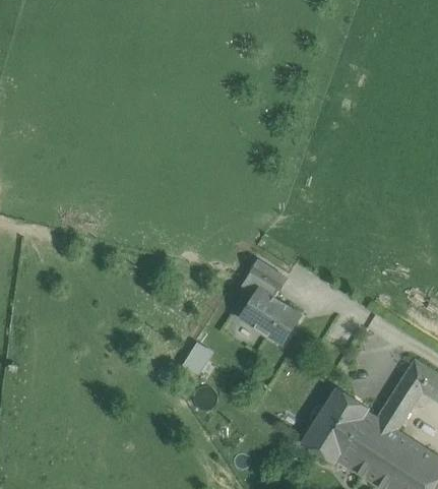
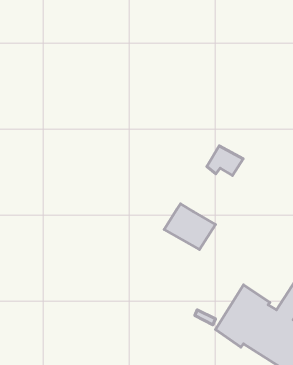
building: [243,261,288,298] -> [207,146,243,175]
building: [183,341,213,374] -> none

